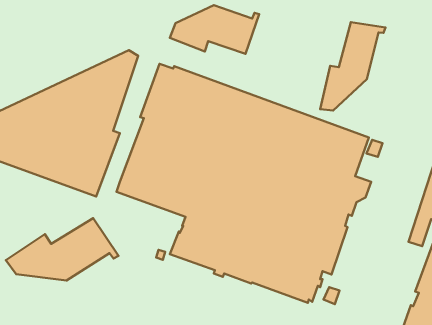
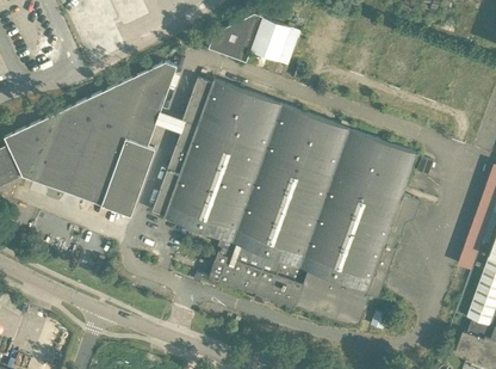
building: [320,22,385,110] -> none
building: [6,218,119,280] -> none

